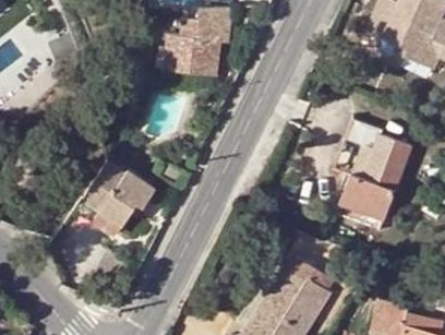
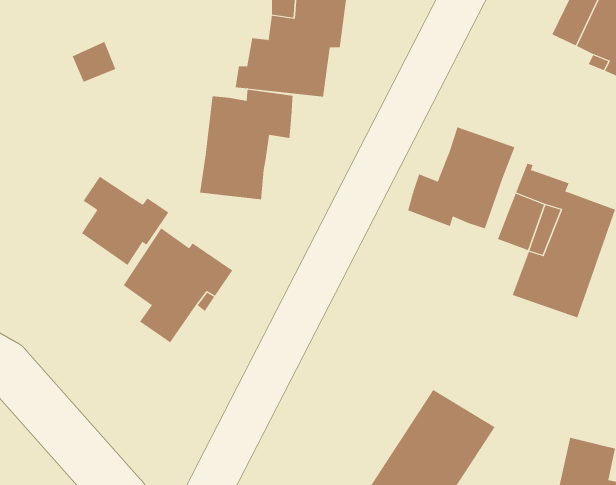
building: none -> [200,89,293,200]
building: none -> [407,126,515,229]
building: none -> [81,176,169,266]

